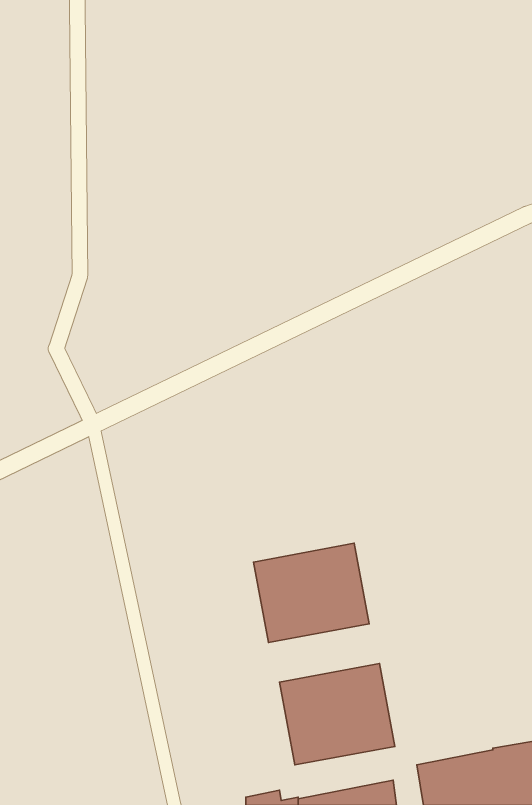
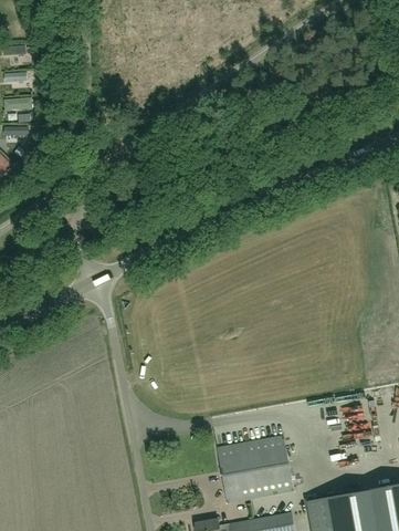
building: [254,543,369,643] -> none

